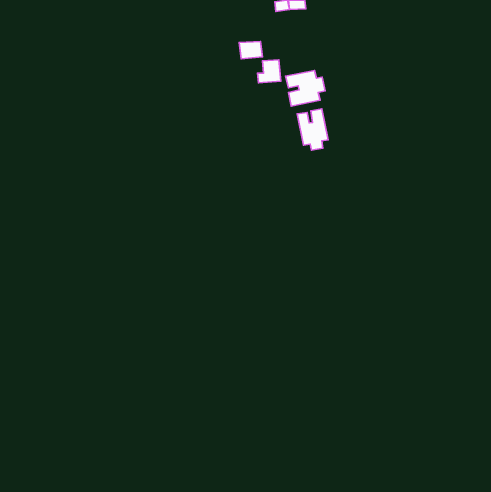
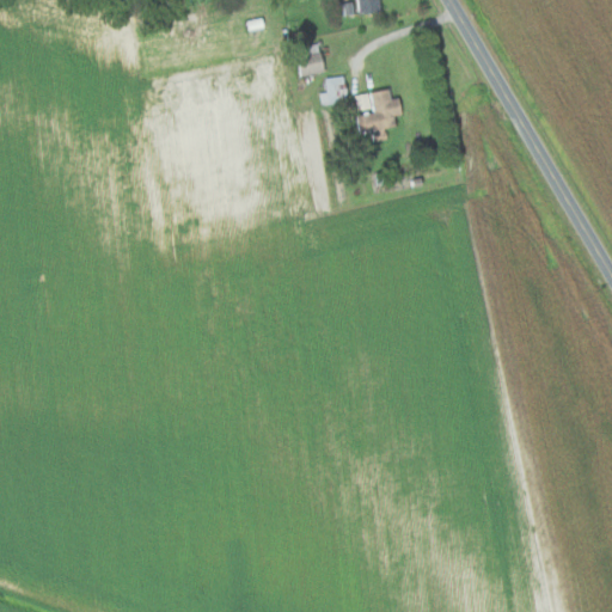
building: [297,109,328,150] -> none

